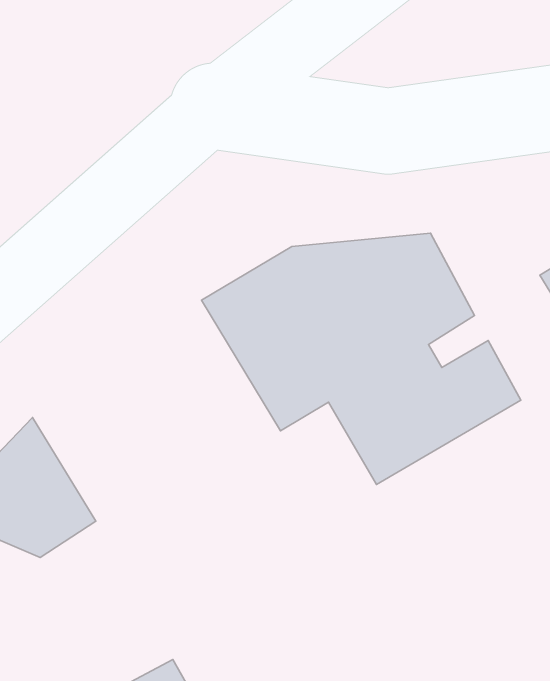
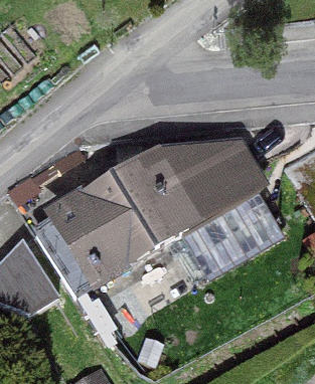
building: none -> [36,180,155,296]

